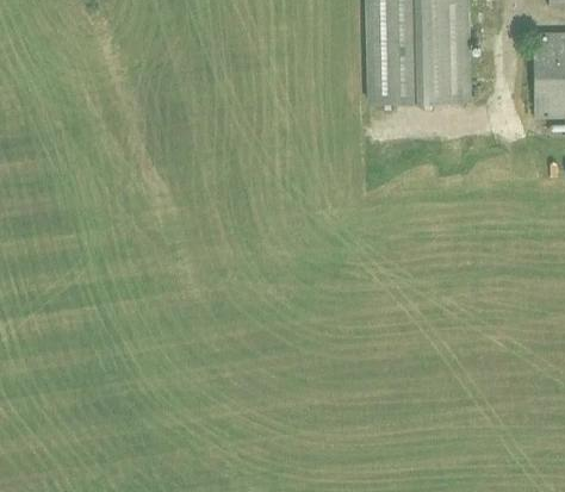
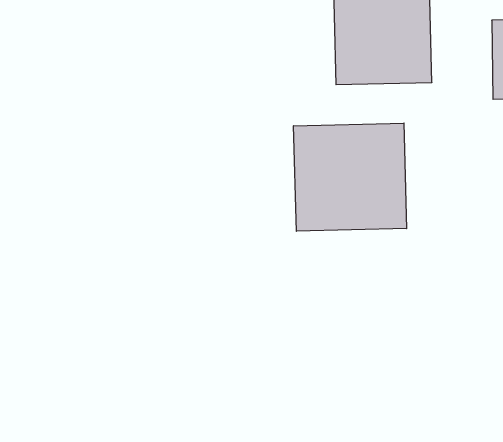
building: none -> [294,123,407,231]

